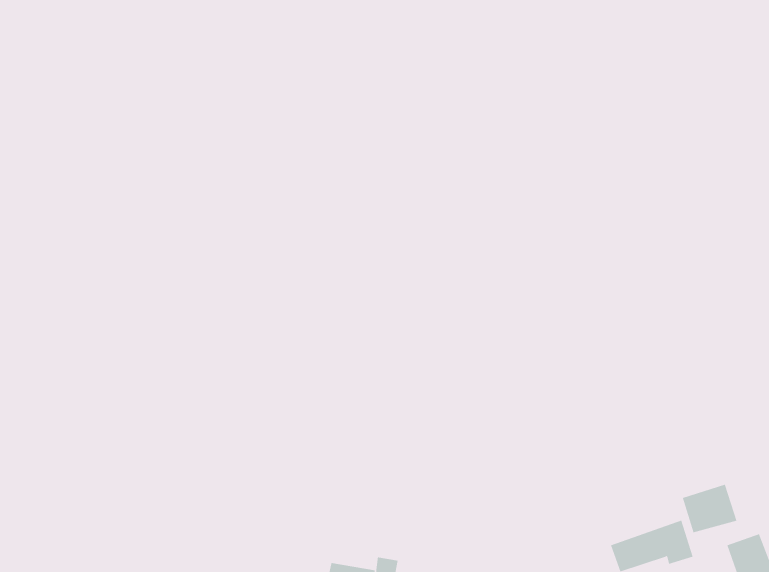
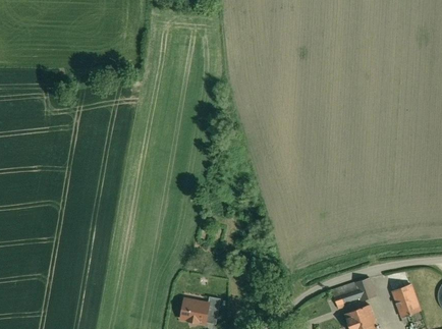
building: [682,484,737,533] -> none

